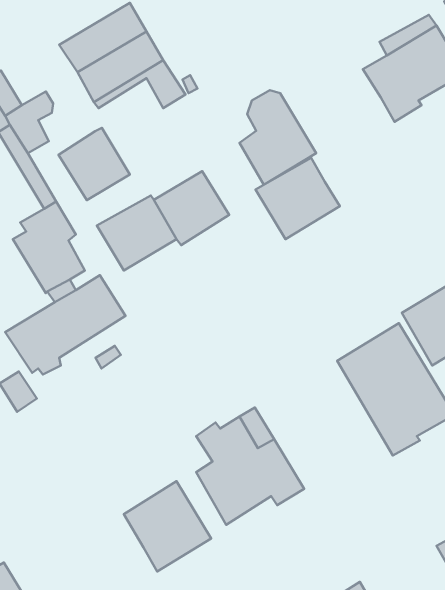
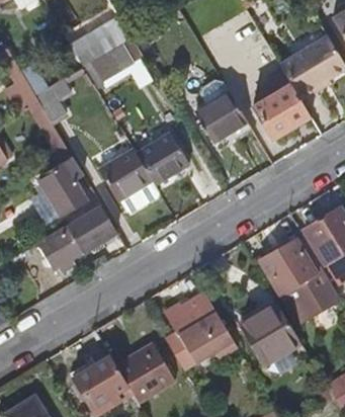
building: [58,128,130,200] -> none
building: [256,158,340,239] -> [252,84,309,139]
building: none -> [236,301,301,366]
building: none -> [72,355,130,409]

